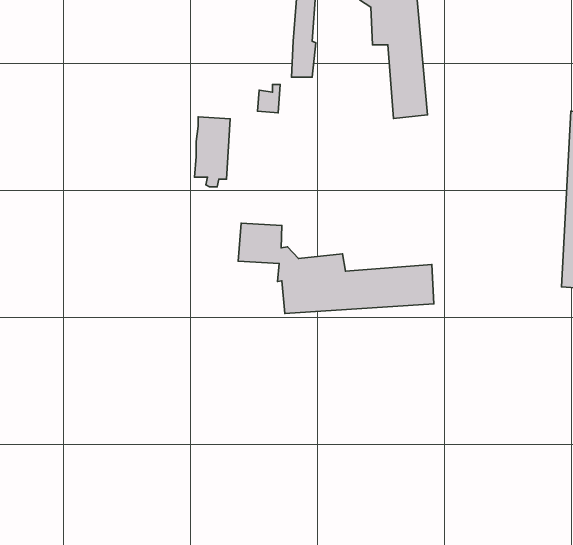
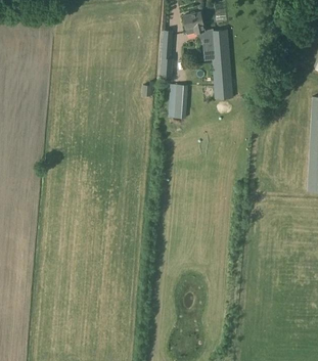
building: [194,117,230,187] -> [169,85,188,123]
building: [238,223,434,314] -> none

